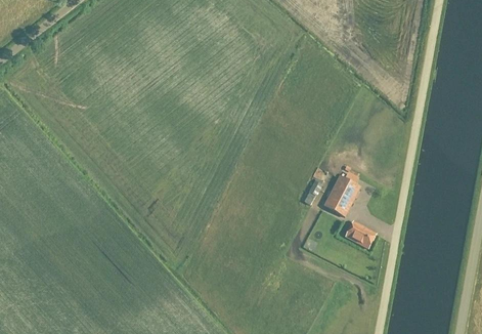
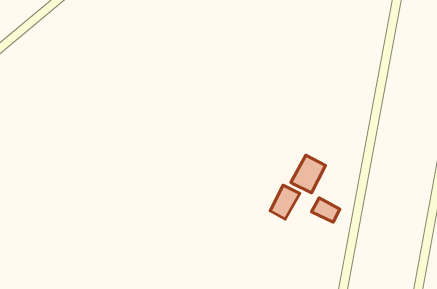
building: none -> [270,185,300,219]

